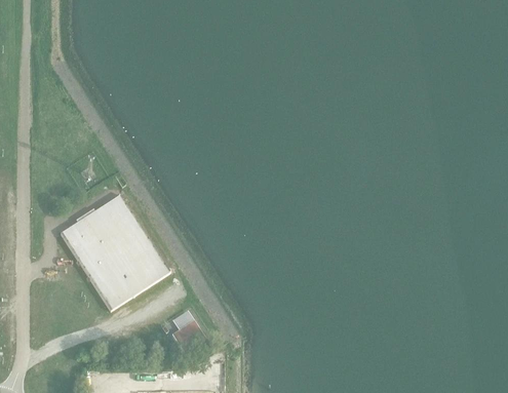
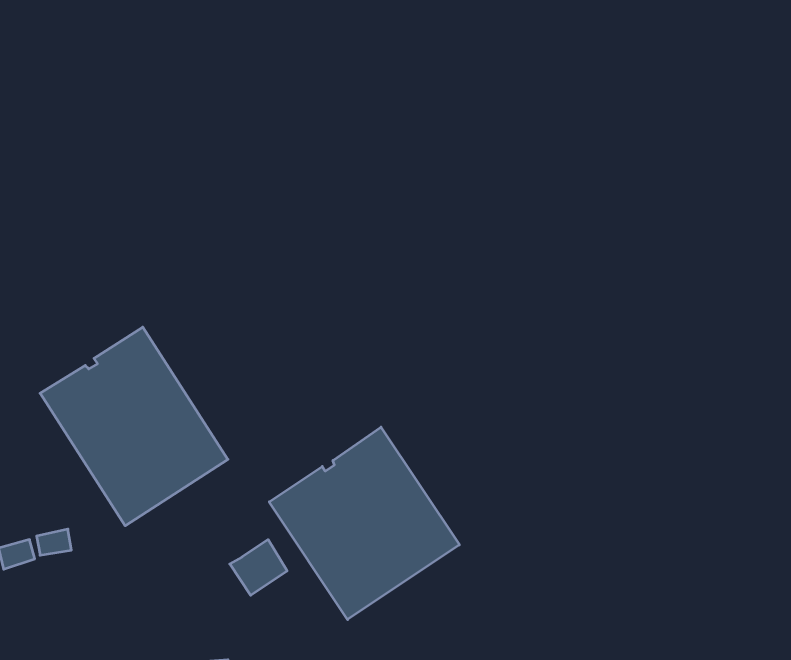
building: none -> [269,427,459,620]

